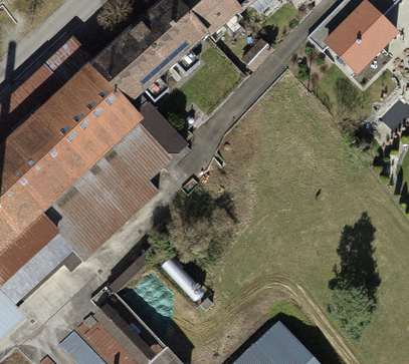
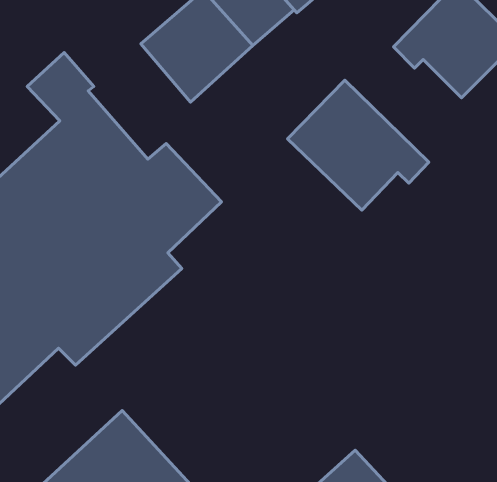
building: [90,34,163,115] -> none
building: none -> [287,80,429,210]

